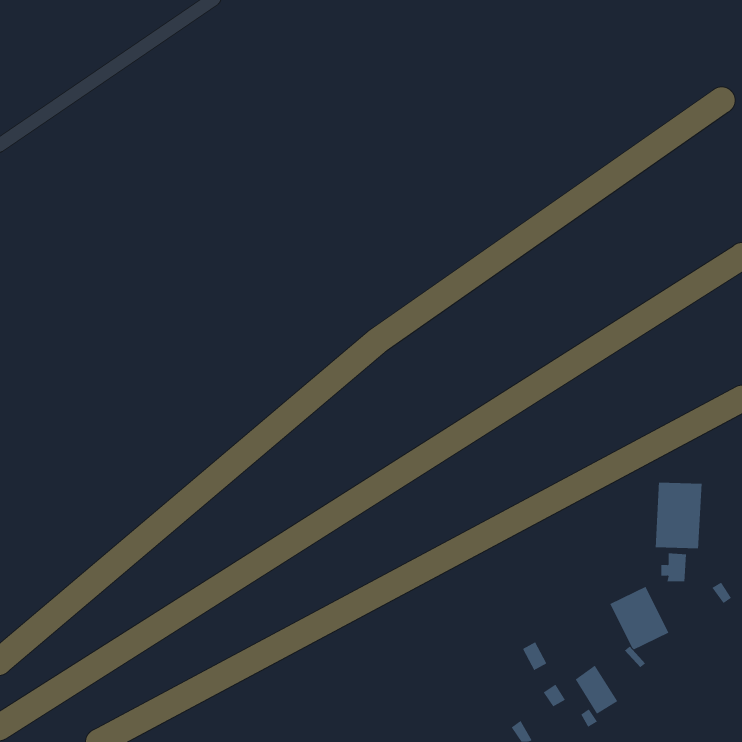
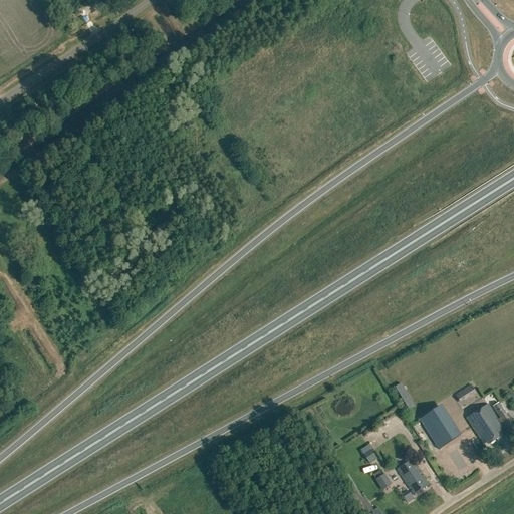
building: [655,482,702,549] -> none
building: none -> [466,404,501,443]

